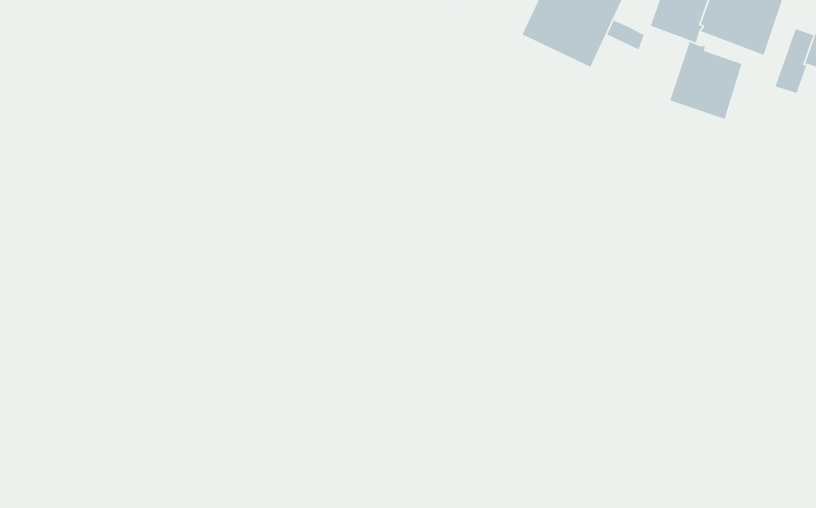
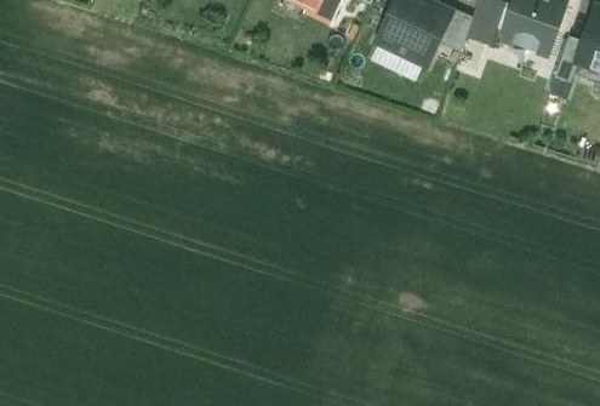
building: [669,41,742,120] -> none

